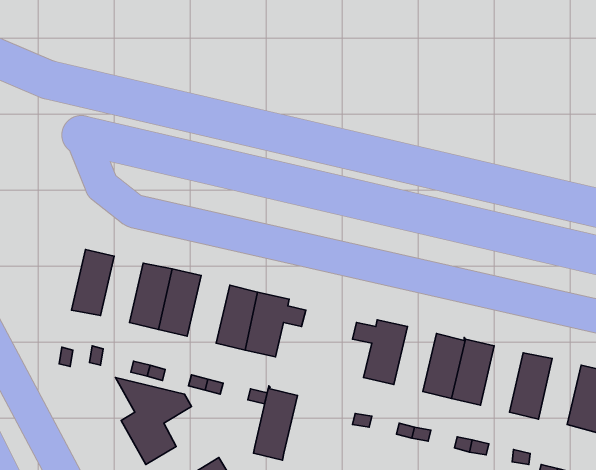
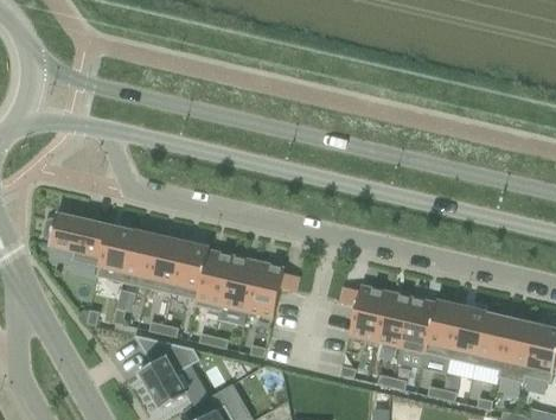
building: none -> [41,212,108,276]
building: none -> [122,230,159,287]
building: none -> [375,291,411,346]
building: none -> [449,307,486,364]
building: none -> [498,318,536,382]
building: [254,386,298,460] -> [196,247,234,311]

